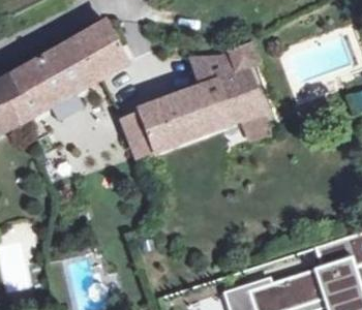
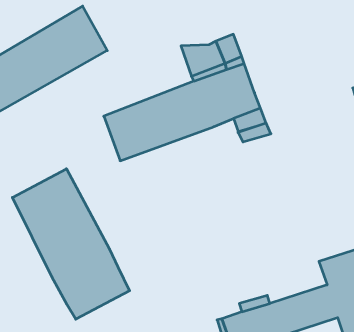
building: none -> [12,169,130,319]

